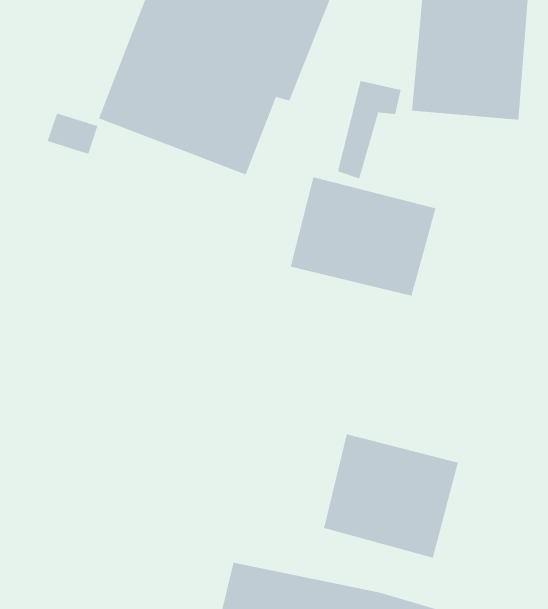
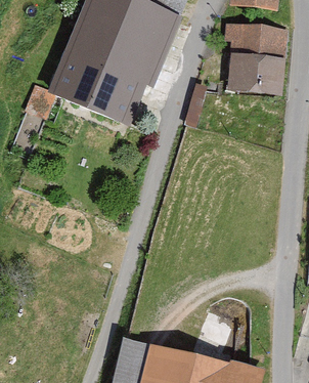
building: [290,177,436,296] -> none
building: [324,433,458,558] -> none

